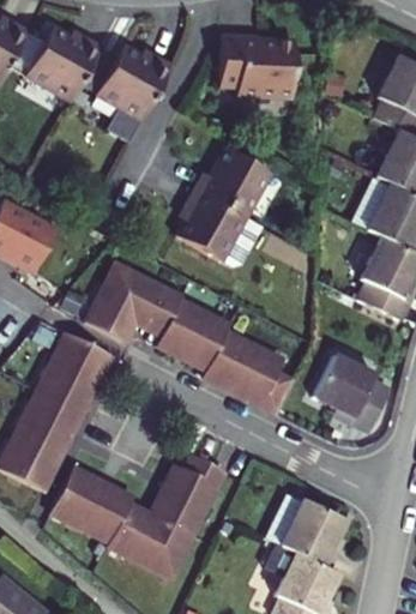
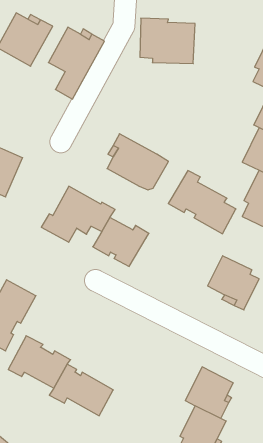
building: [193,150,267,217] -> none
building: [41,324,113,408] -> none
building: [203,330,294,415] -> [168,171,236,234]
building: [143,453,219,535] -> none

